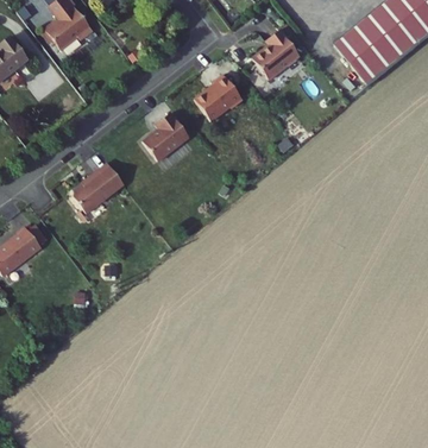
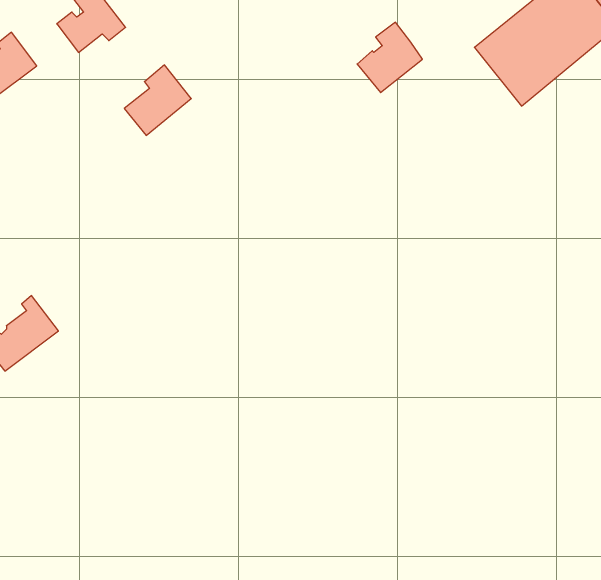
building: [195,75,244,121] -> none
building: [140,112,188,162] -> [124,65,191,135]
building: [71,159,122,210] -> none

